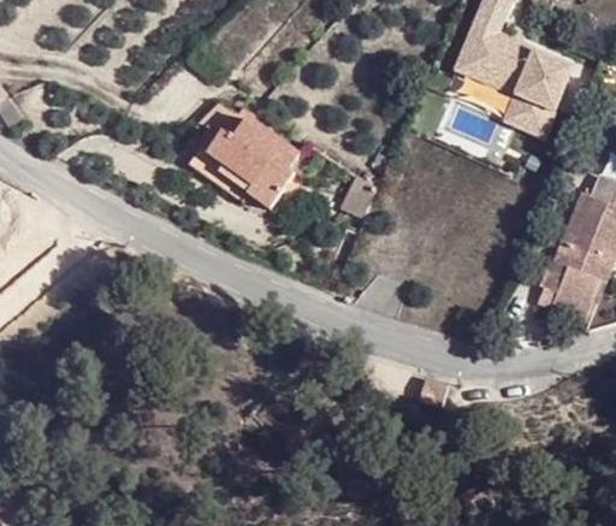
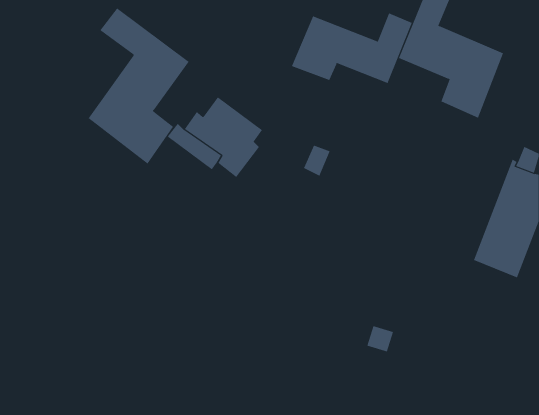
building: none -> [88,8,190,164]
building: none -> [291,12,413,84]

